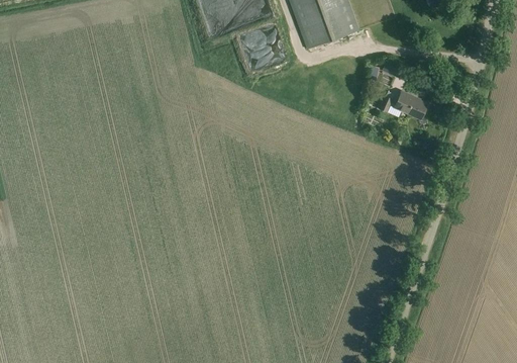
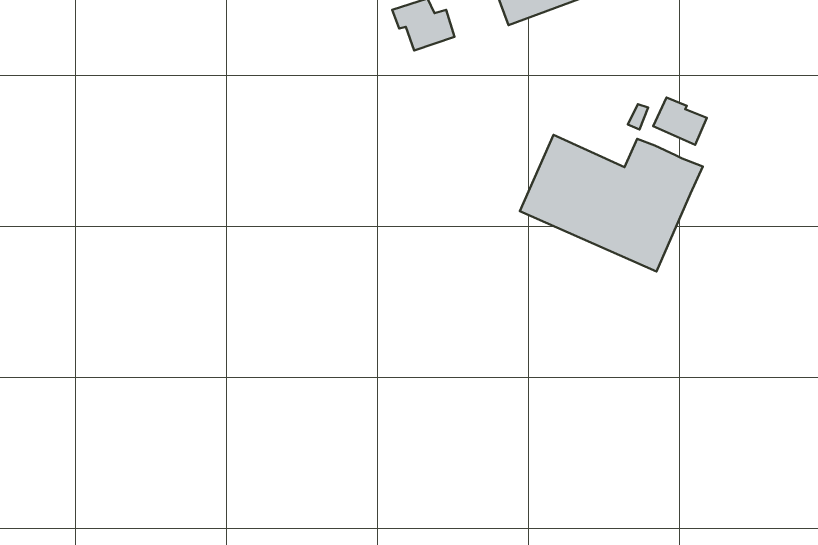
building: none -> [520,135,703,271]

